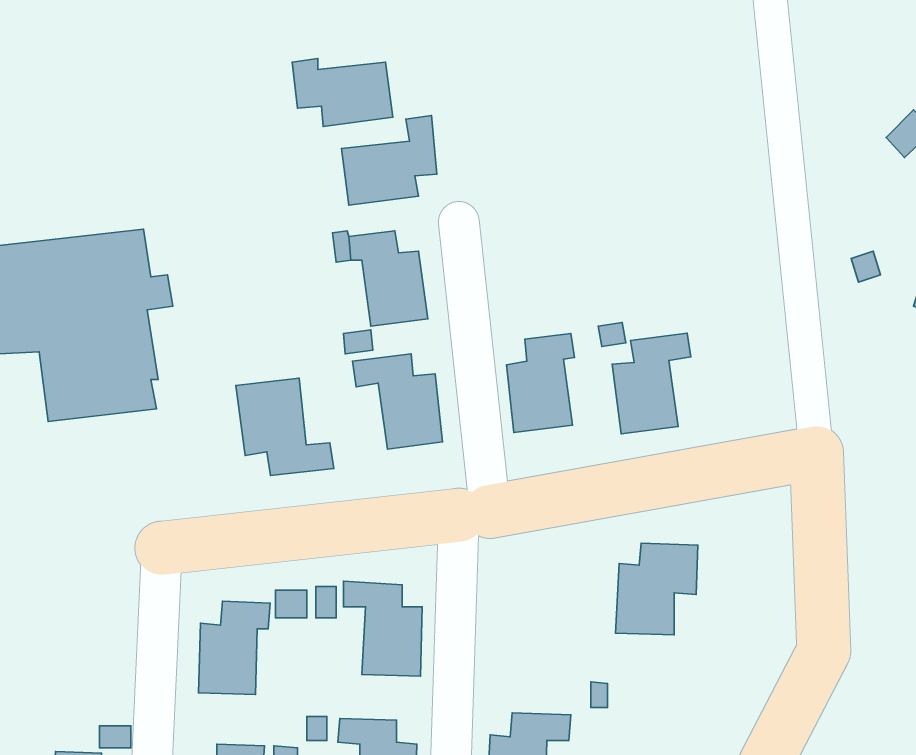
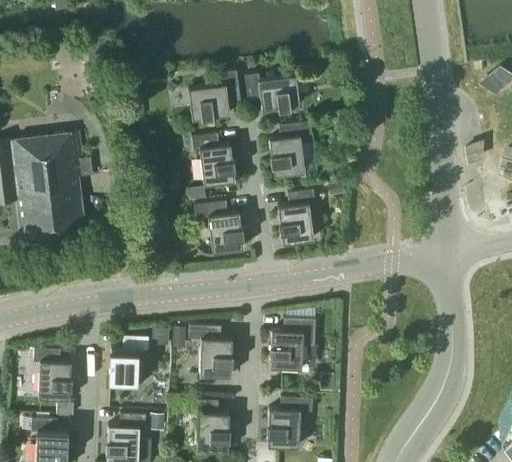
building: [292,59,393,126] -> [245,73,300,110]
building: [612,333,691,434] -> [269,121,312,176]
building: [236,378,334,476] -> none
building: [615,543,698,635] -> [270,318,315,368]
building: none -> [34,348,71,399]

